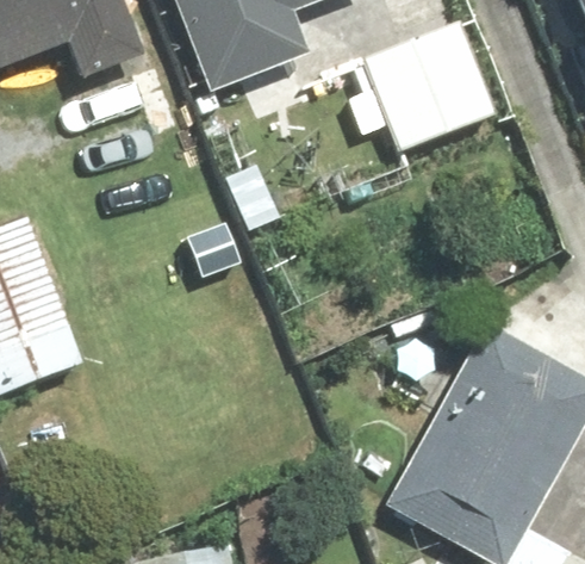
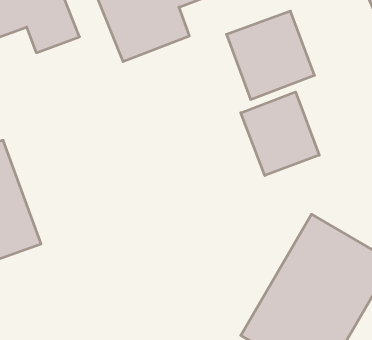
building: none -> [241,92,319,176]

